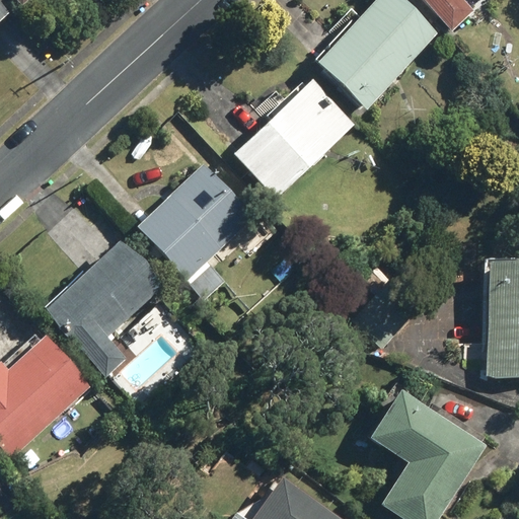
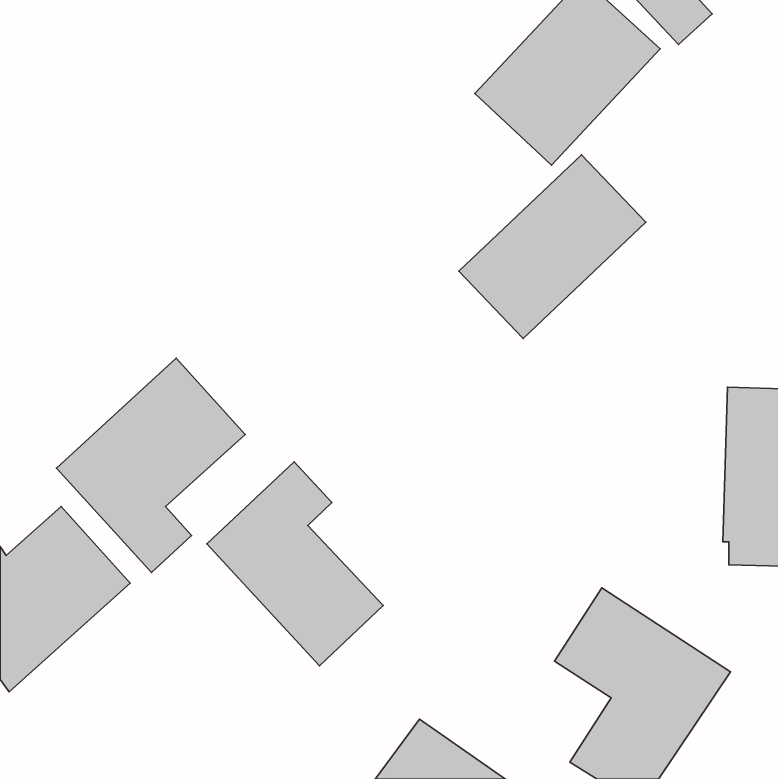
building: [234,76,358,198] -> [459,155,646,338]
building: [136,163,254,281] -> none
building: none -> [207,462,383,666]

